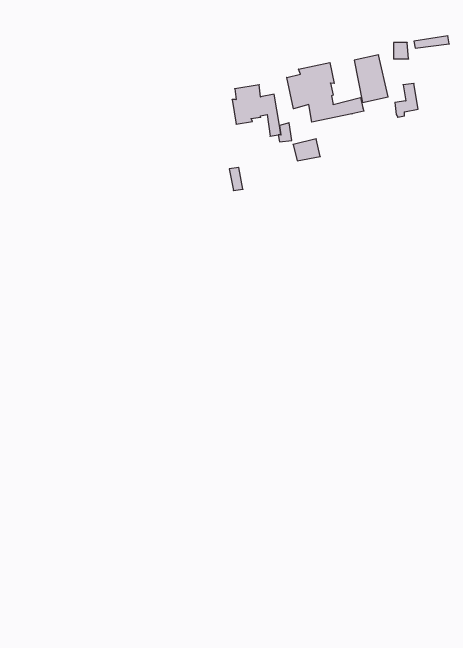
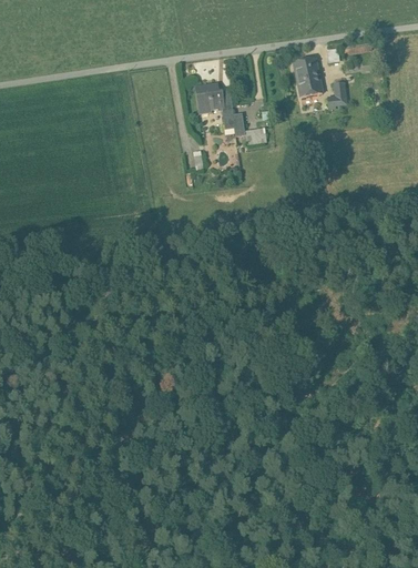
building: [287,63,364,122] -> none

